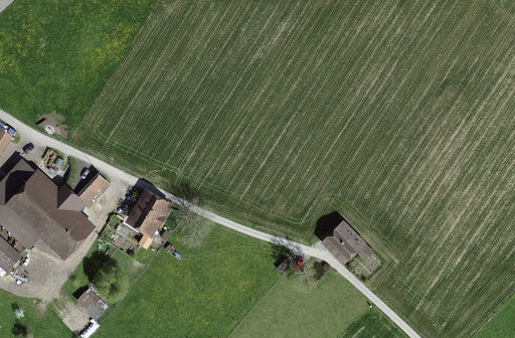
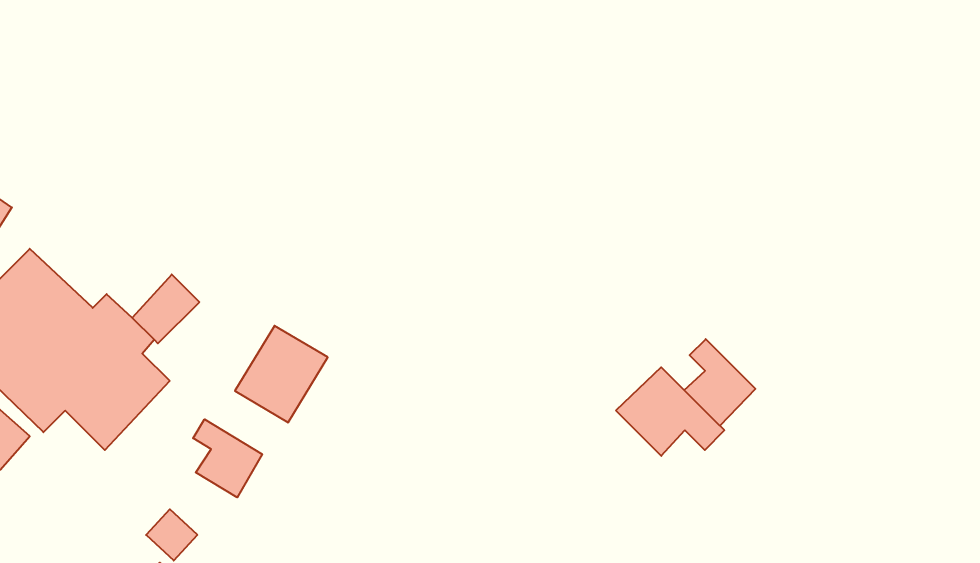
building: none -> [684,339,755,426]
building: none -> [193,419,262,497]

